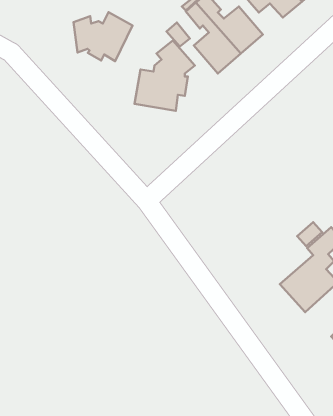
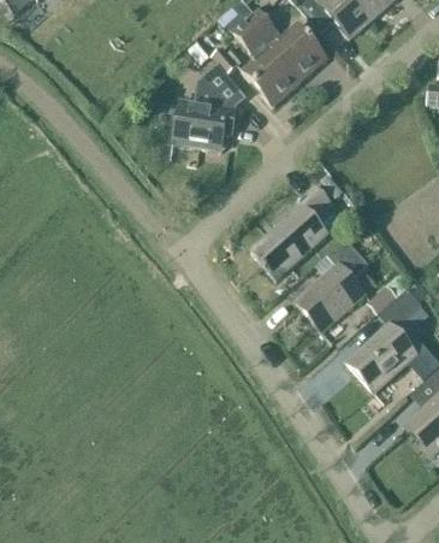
building: [74,12,133,61] -> none
building: none -> [250,184,334,279]
building: none -> [296,237,369,330]

